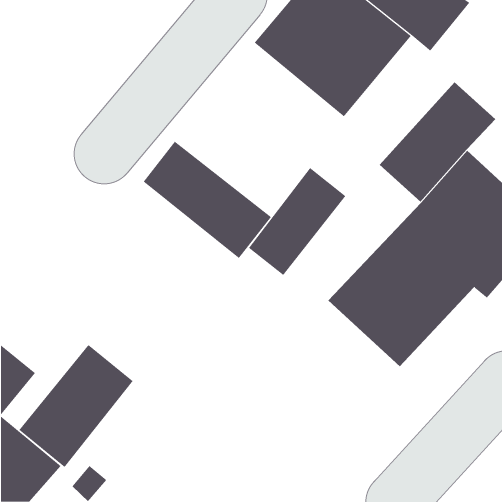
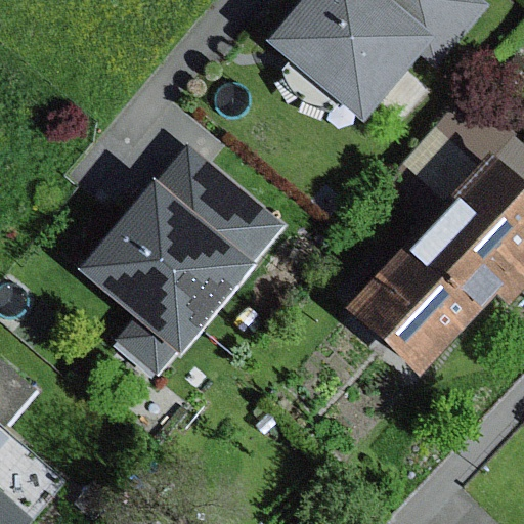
building: [248,167,346,276] -> none
building: none -> [82,187,252,355]
building: [18,344,133,468] -> none

